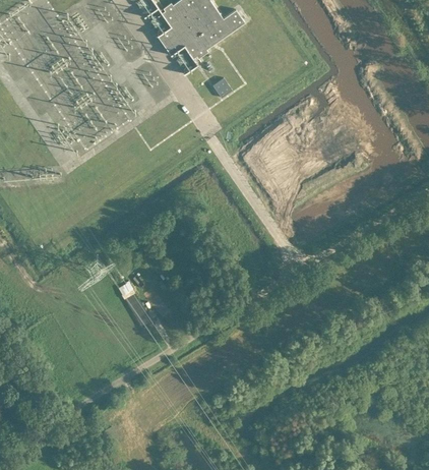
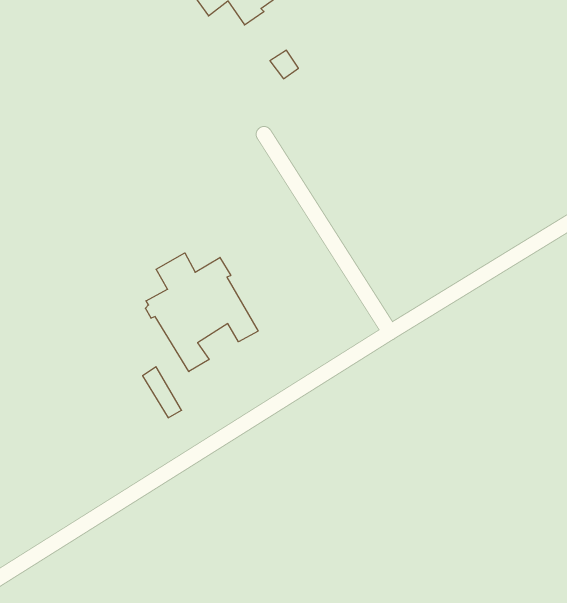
building: none -> [145,253,258,372]

